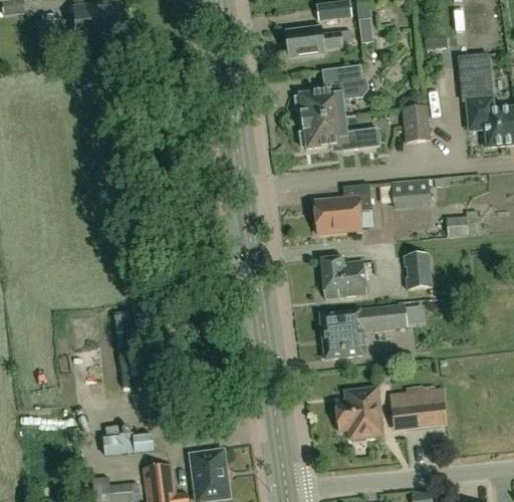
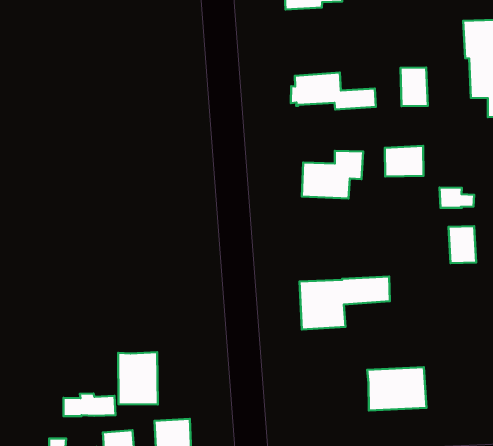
building: [294,76,368,119] -> none
building: [403,251,431,287] -> [449,226,476,263]
building: [320,255,365,297] -> none
building: [335,387,382,441] -> none
building: none -> [118,352,158,404]

